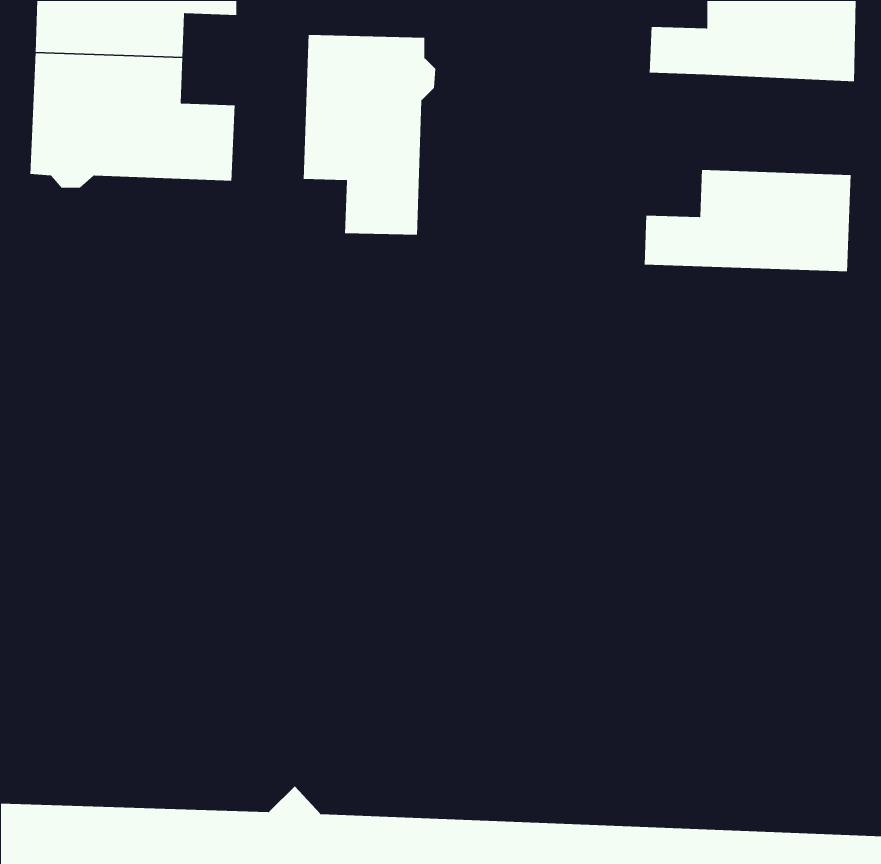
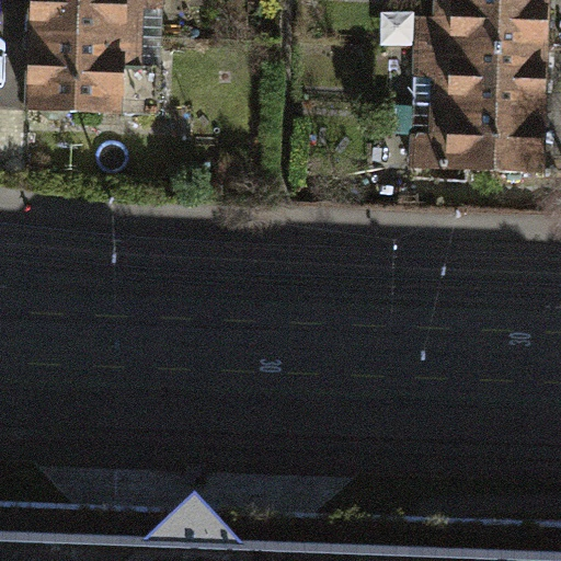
building: [303,34,436,236] -> none
building: none -> [413,64,543,127]

